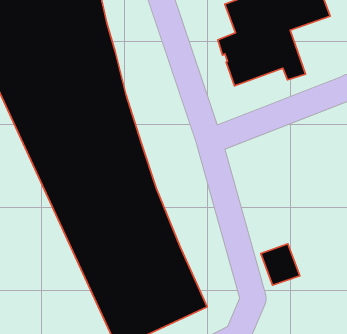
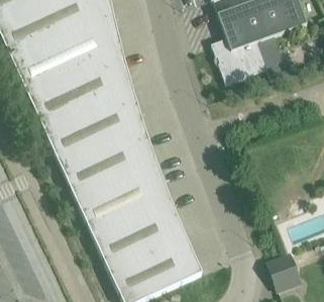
building: [261,244,300,285] -> [266,253,300,288]

